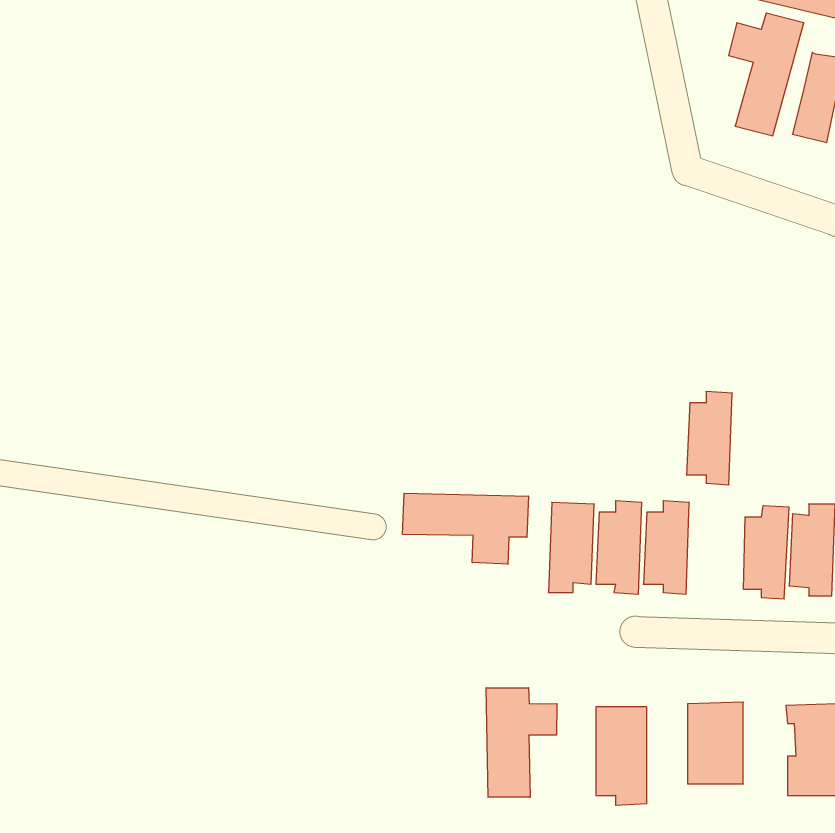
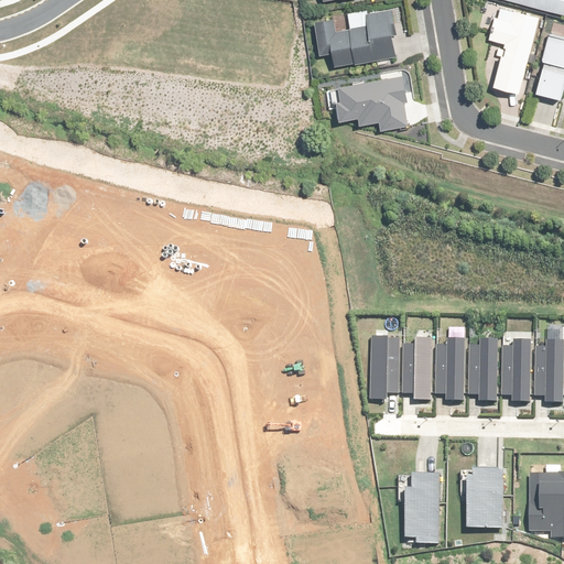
building: none -> [317,10,398,65]
building: none -> [334,77,405,128]
building: [686,391,732,485] -> [467,339,498,402]
building: [403,493,528,564] -> none
building: [486,688,557,797] -> none

